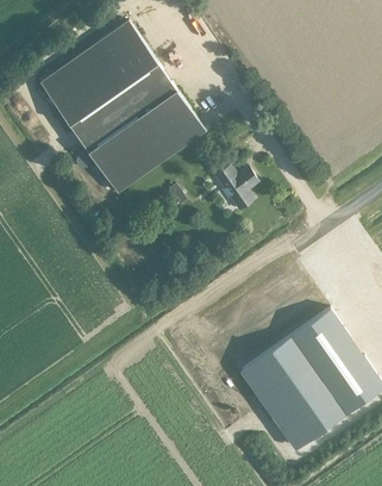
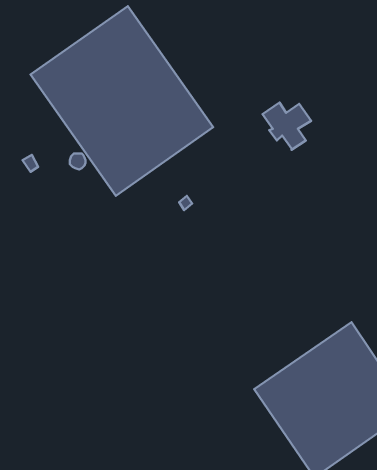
building: [214,166,258,208] -> [262,102,311,150]

